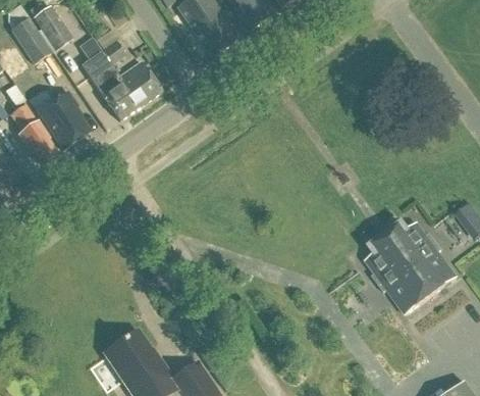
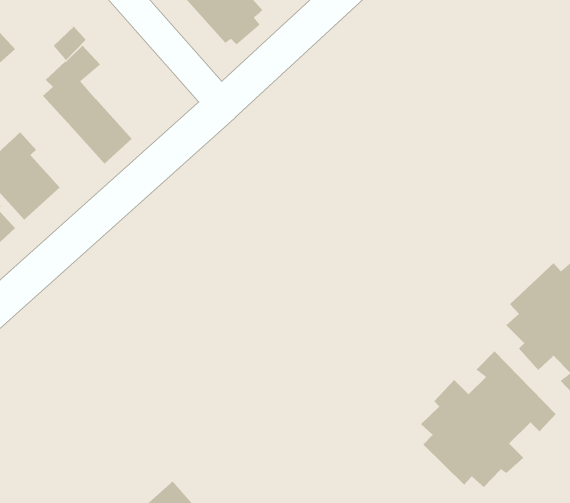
building: [118,59,160,104] -> none
building: none -> [420,351,557,488]

